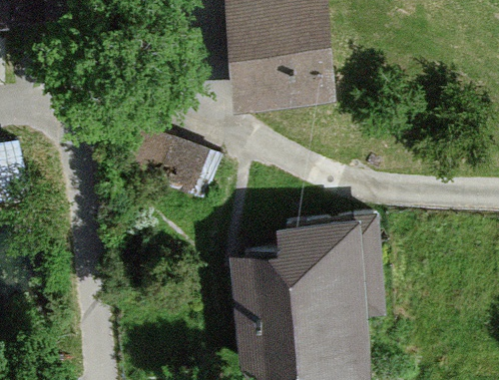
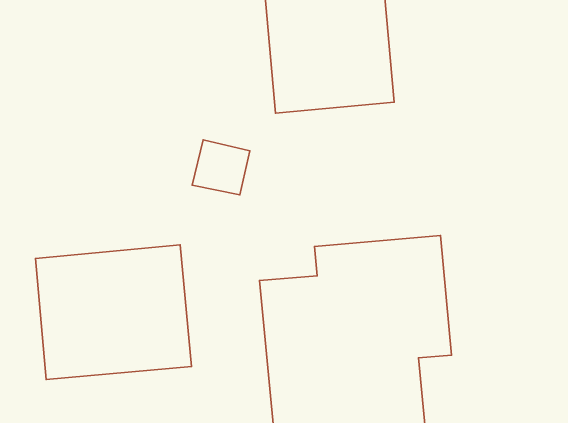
building: none -> [35,245,191,380]

